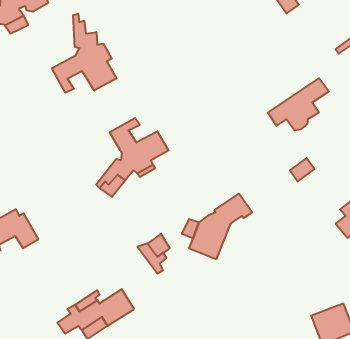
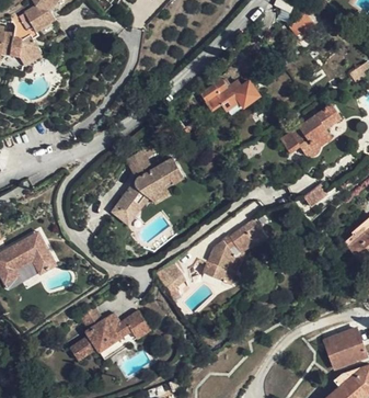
building: [52,14,116,93] -> none
building: none -> [199,77,260,111]

